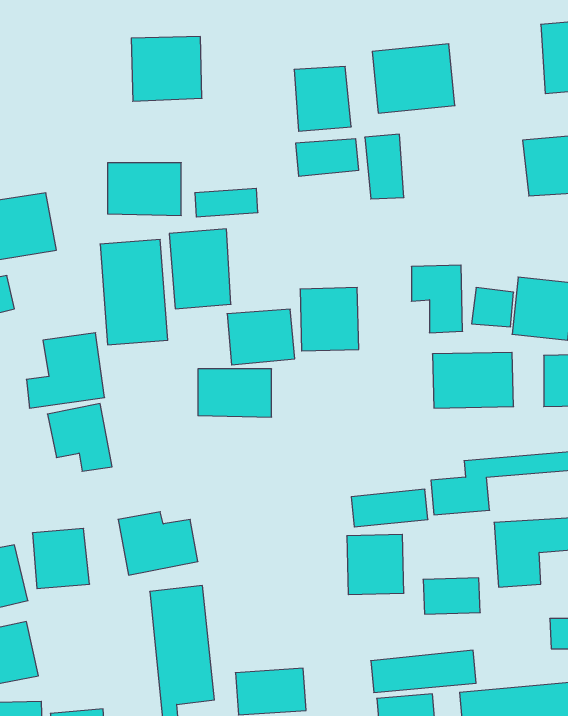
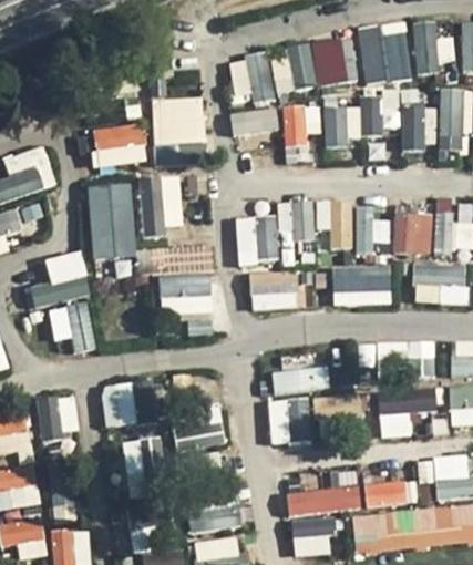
building: none -> [358,27,409,82]
building: [131,37,202,101] -> [153,95,205,143]
building: none -> [321,101,383,144]
building: none -> [277,199,315,242]
building: [227,309,295,365] -> [248,271,298,312]
building: none -> [168,405,227,454]
building: [423,578,480,614] -> [363,480,405,506]

